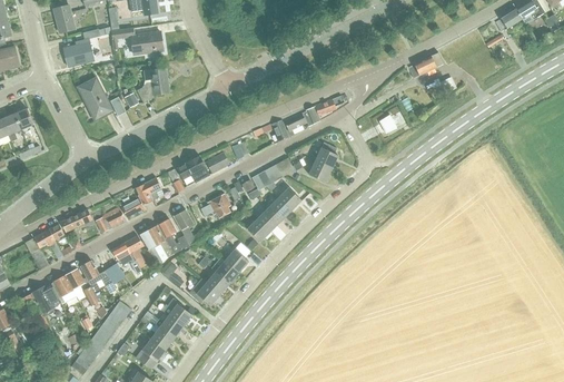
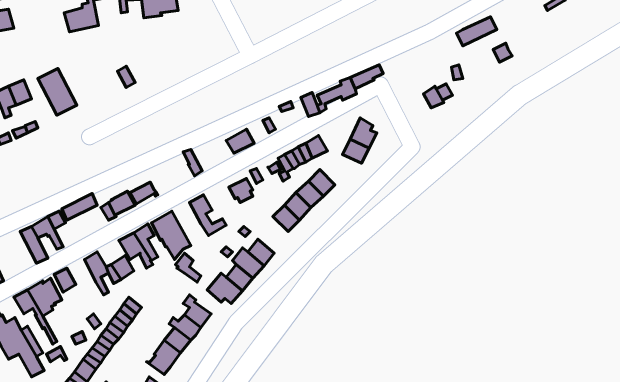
building: [136,68,168,104] -> none
building: [77,78,111,119] -> [38,69,77,115]
building: [176,155,209,186] -> none
building: [135,177,164,205] -> none
building: [157,218,189,254] -> none
building: [65,267,98,303] -> none

